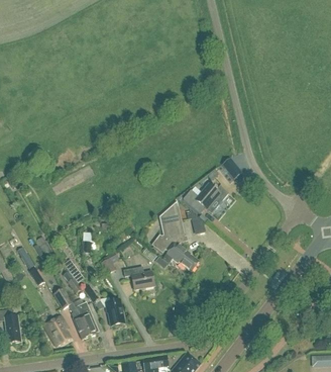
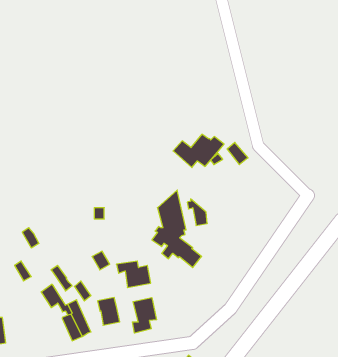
building: [182,184,228,214] -> [173,134,224,168]
building: none -> [132,298,157,333]
building: [42,314,70,346] -> none

